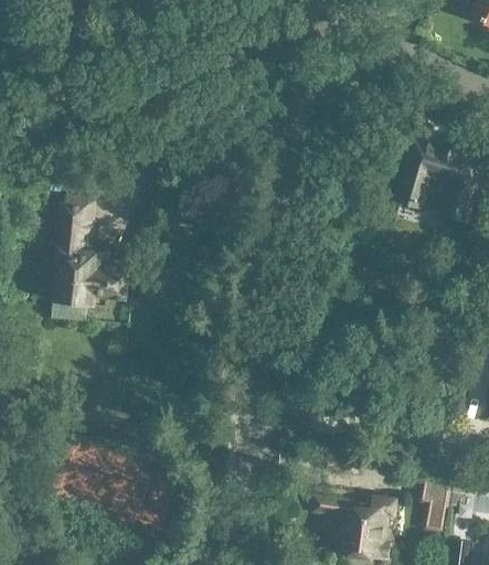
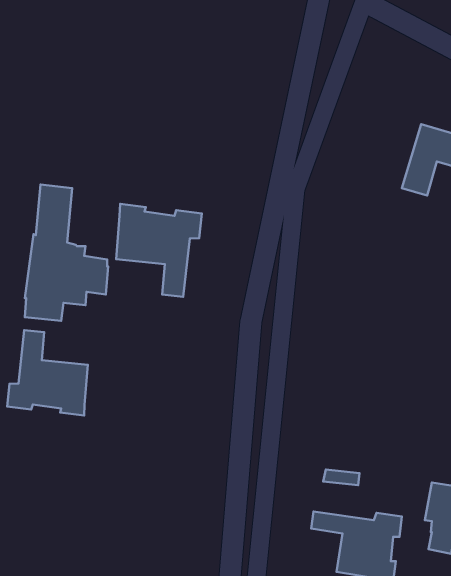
building: none -> [116,204,202,297]
building: none -> [7,330,88,416]

